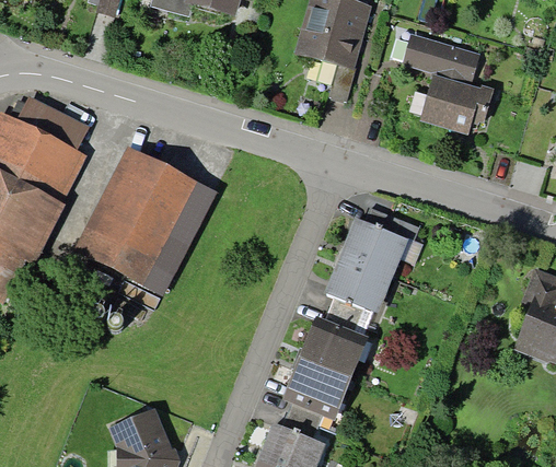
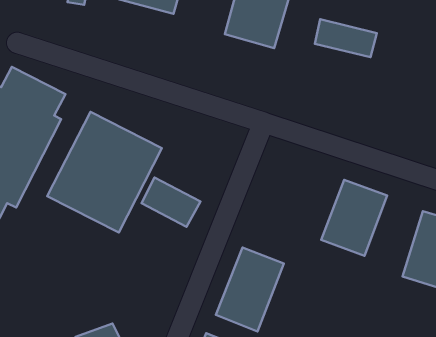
building: [420,74,489,137] -> none
building: [324,219,406,313] -> [321,180,387,256]
building: none -> [142,178,200,227]

